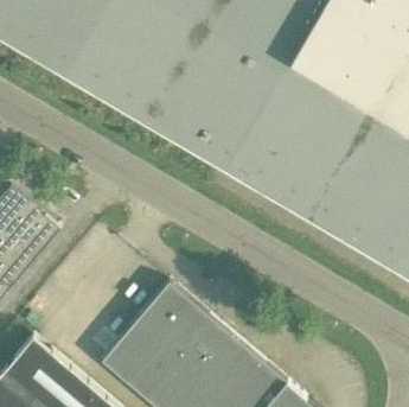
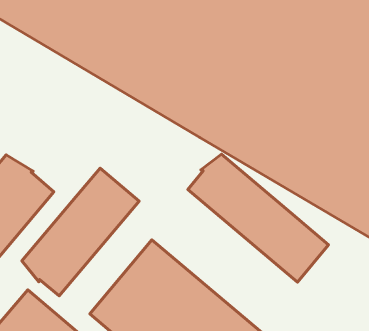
building: none -> [188,154,328,282]
building: none -> [22,168,139,296]

